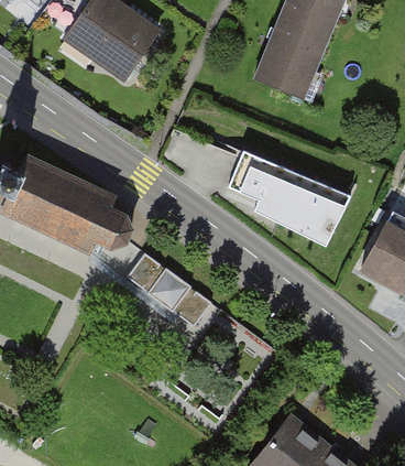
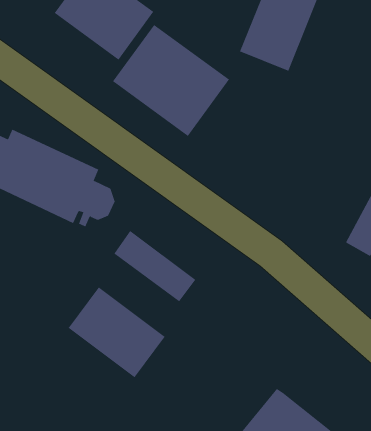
building: none -> [112,24,230,137]
building: [229,152,346,246] -> none
building: none -> [68,287,166,378]

